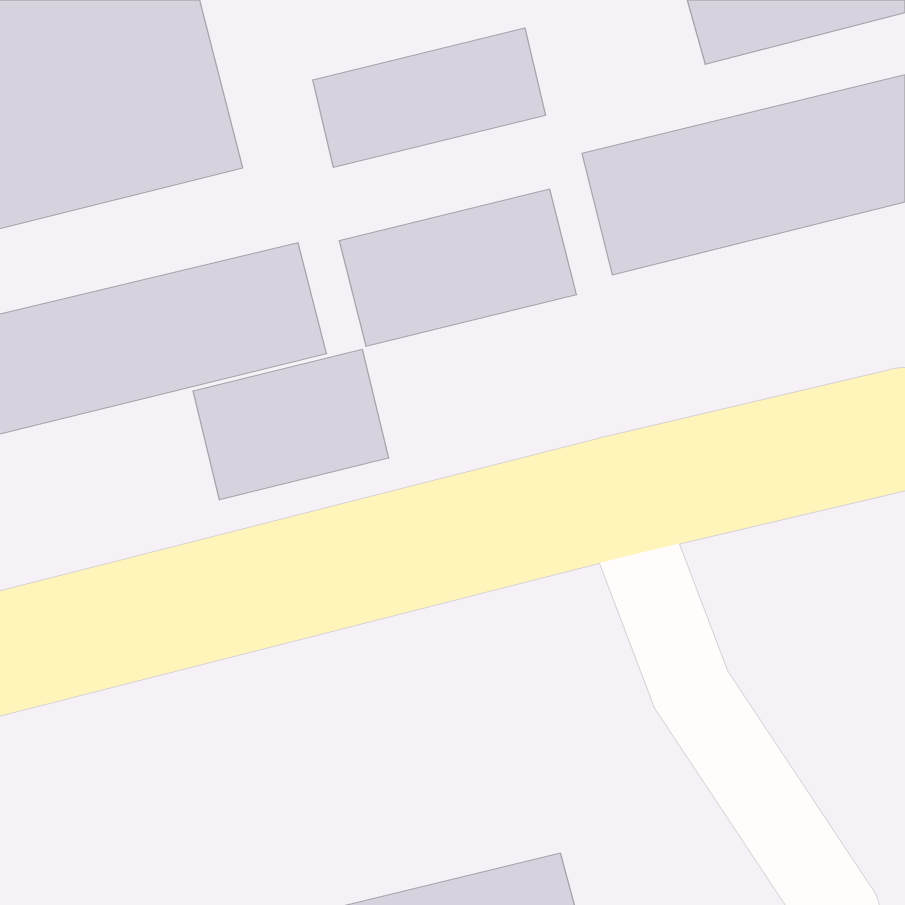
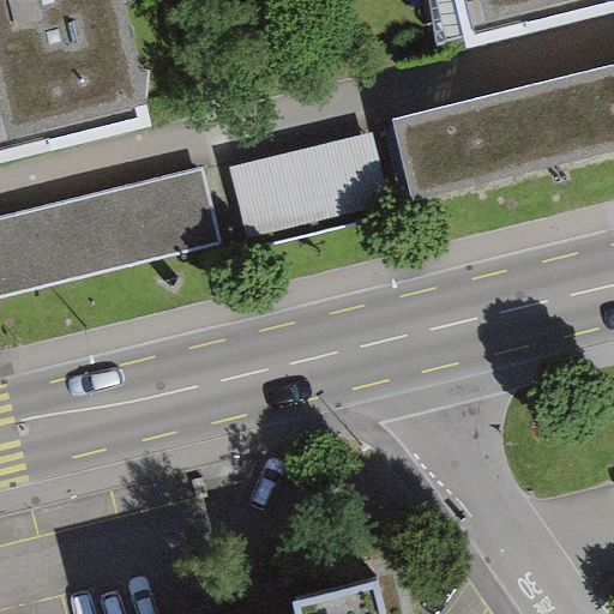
building: [313,28,545,167] -> none
building: [193,349,388,500] -> none

